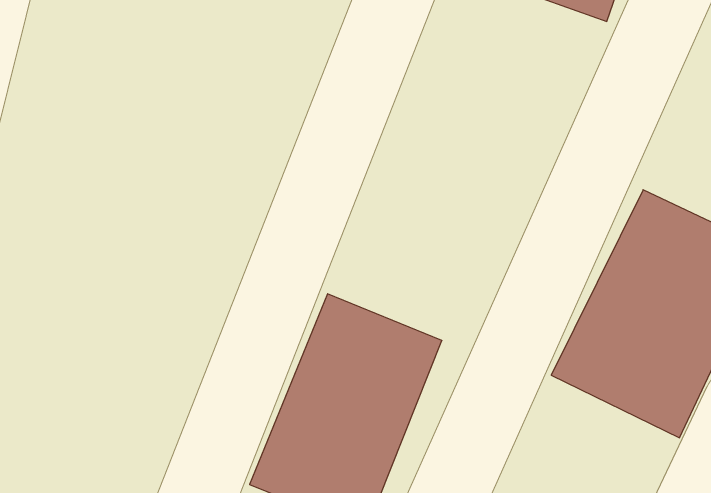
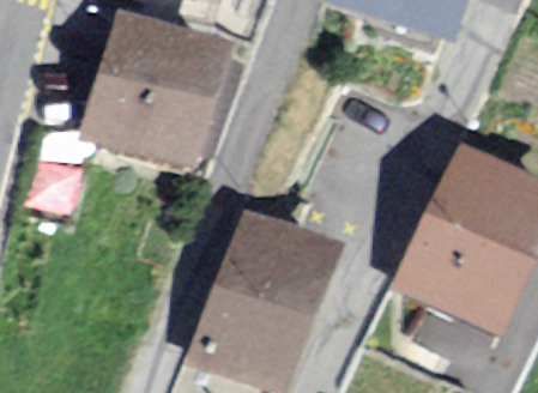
building: none -> [95,22,234,174]

